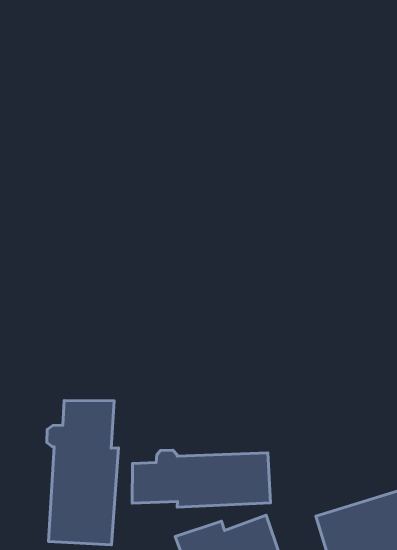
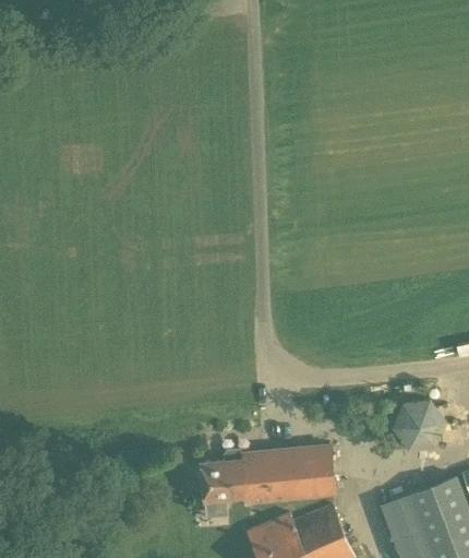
building: [47,400,118,545] -> none
building: none -> [393,399,440,451]

